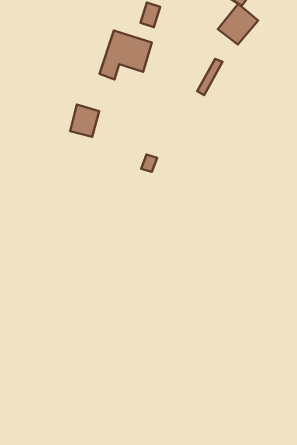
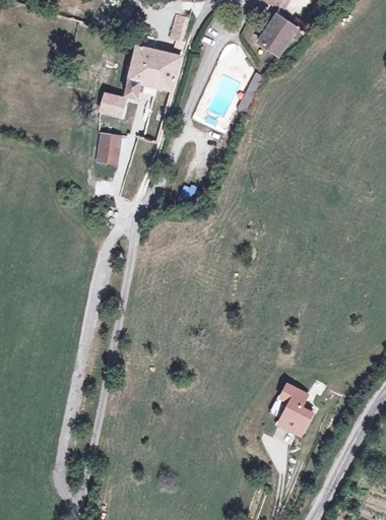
building: none -> [98,91,127,115]
building: none -> [270,381,317,445]

